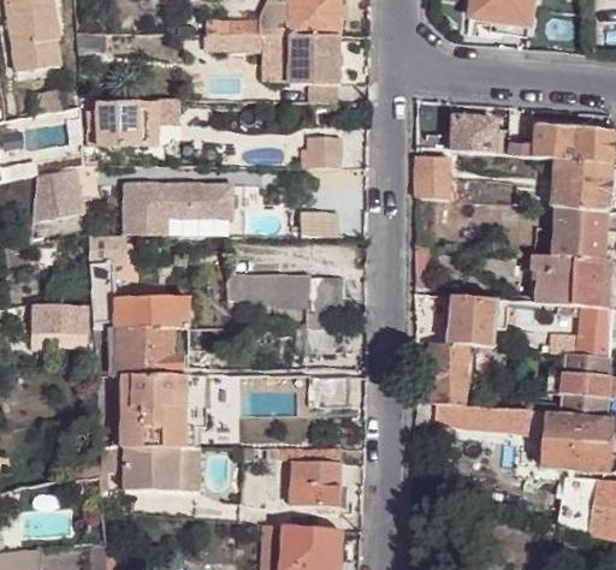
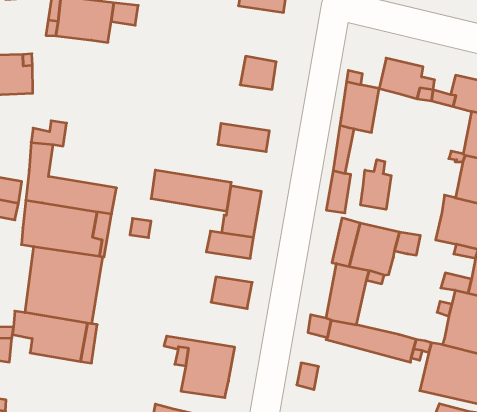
building: [123,182,232,233] -> none
building: none -> [361,160,391,209]

